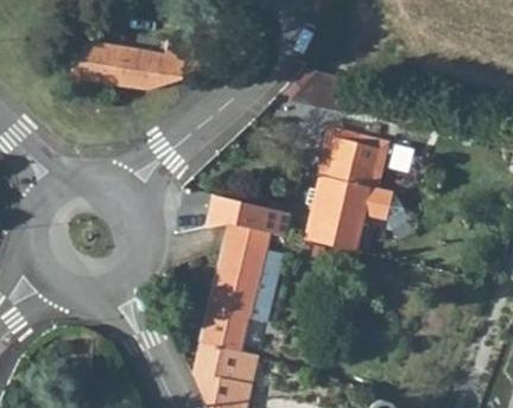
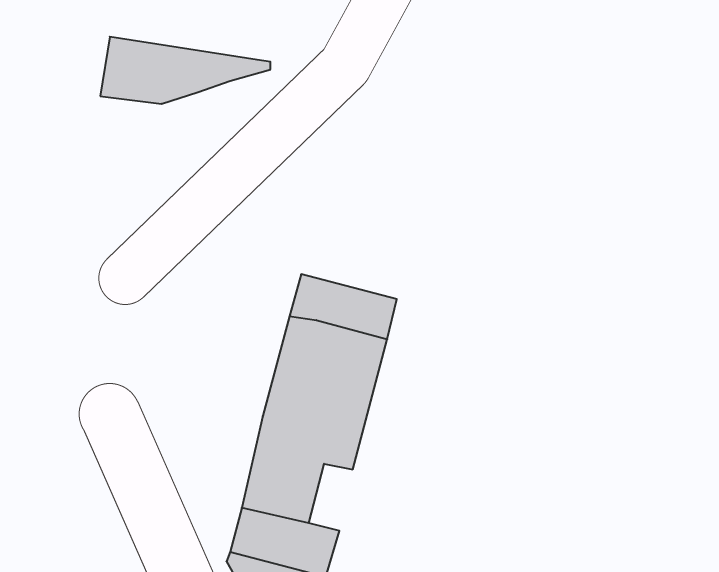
building: [70,44,118,87] -> none
building: [305,141,406,251] -> none

